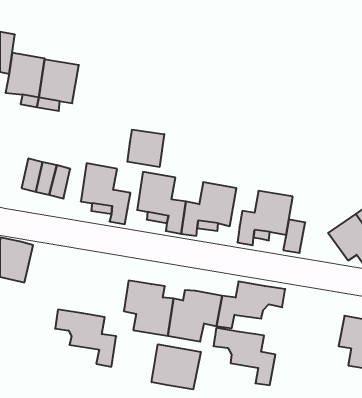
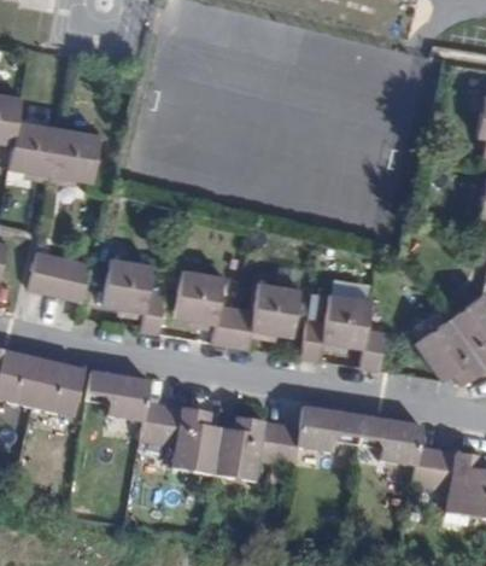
building: [127,130,164,167] -> none
building: none -> [33,360,84,415]
building: [55,310,116,367] -> [87,370,164,443]
building: [213,328,275,385] -> [358,415,437,488]
building: [152,344,201,389] -> none

